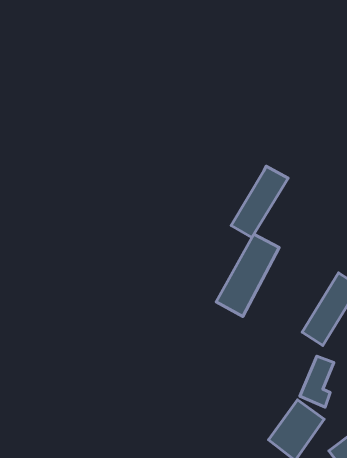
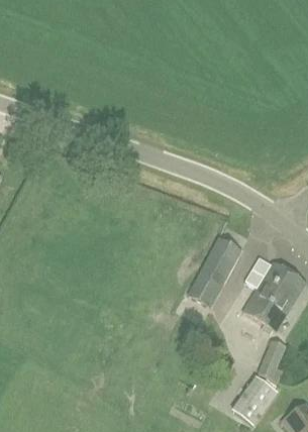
building: [231,166,288,237] -> [241,259,289,319]

